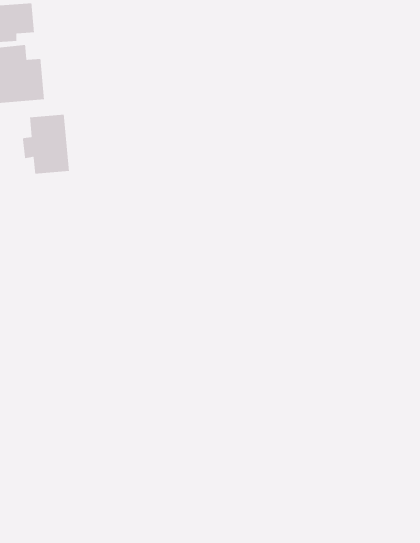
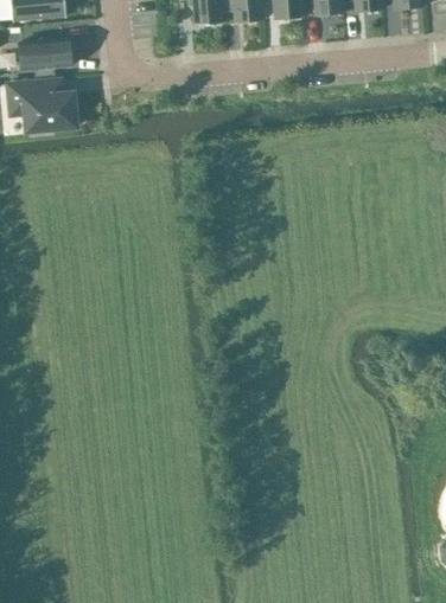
building: [22,114,70,174] -> none

